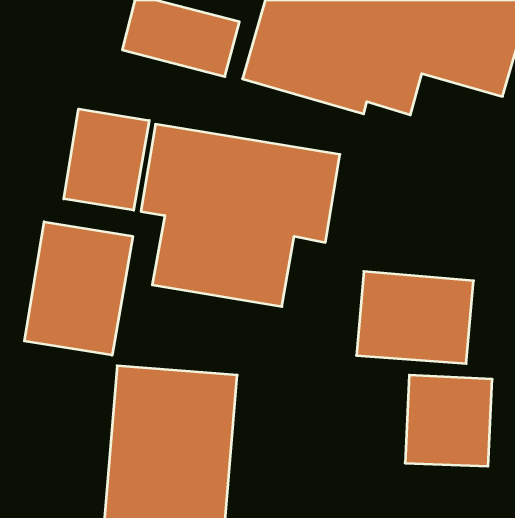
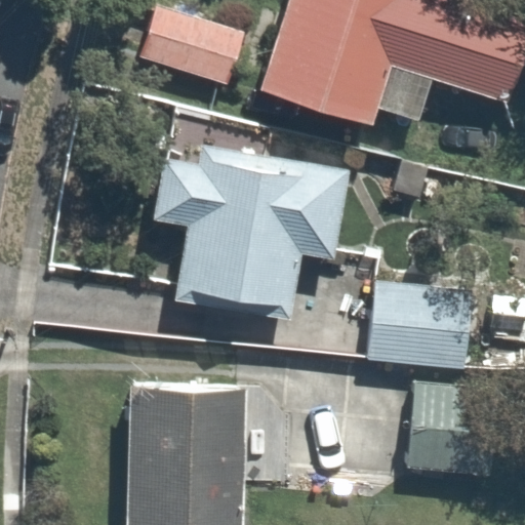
building: [64,109,149,210] -> none
building: [24,222,133,355] -> none

